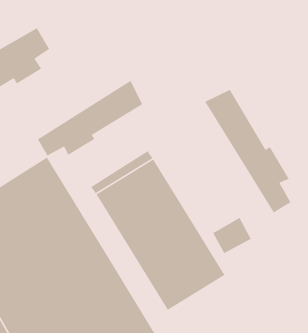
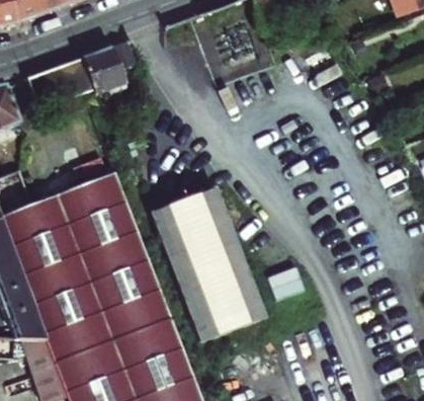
building: [37,80,143,157] -> none
building: [204,89,292,213] -> none

